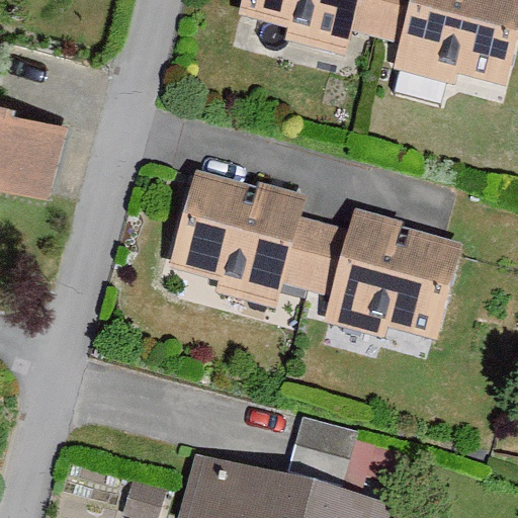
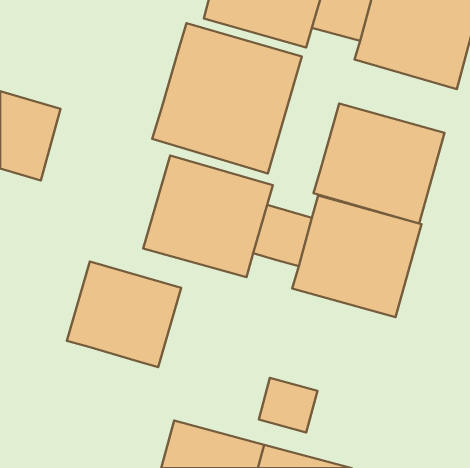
building: none -> [152,23,302,174]
building: none -> [314,103,444,224]
building: none -> [67,261,181,367]

